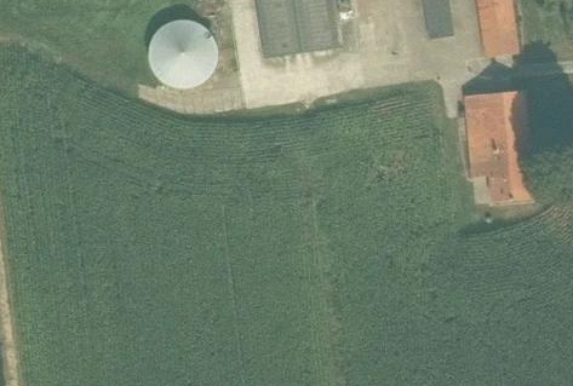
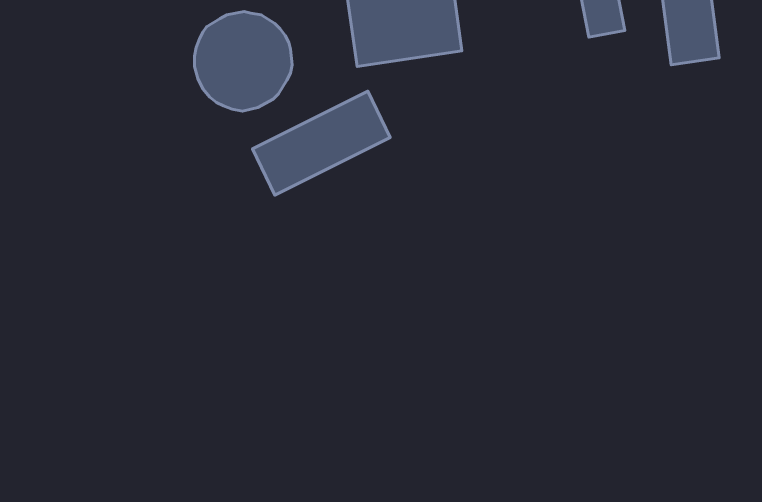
building: none -> [252,91,390,195]
building: [465,90,533,202] -> none

